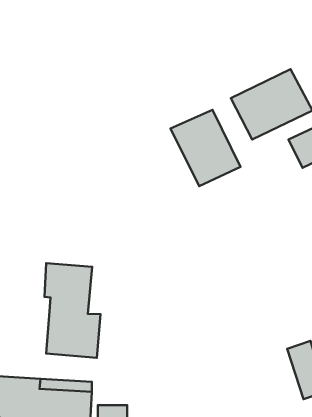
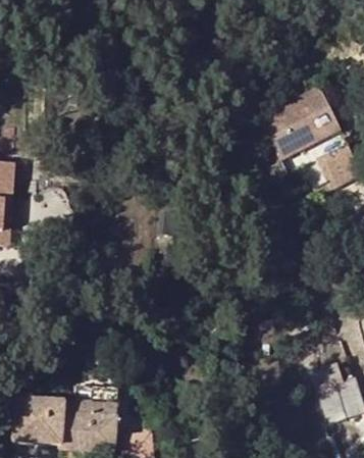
building: [170,110,240,186] -> none
building: [44,263,100,358] -> none

